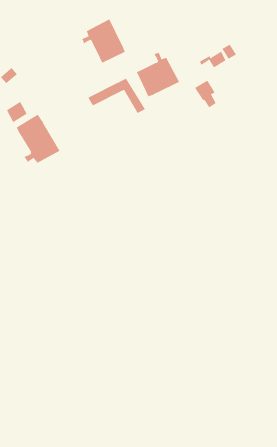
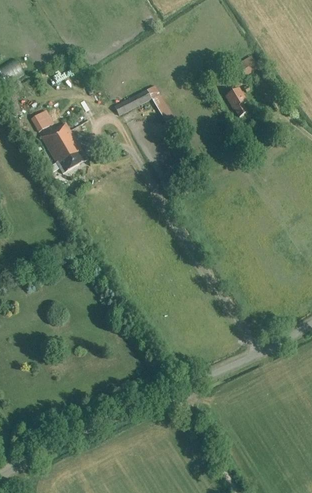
building: [82,18,125,63] -> none
building: [136,52,180,97] -> none

